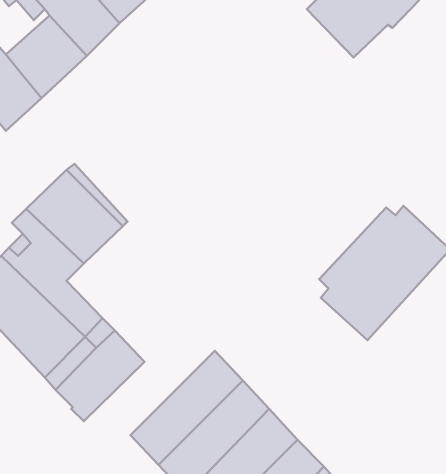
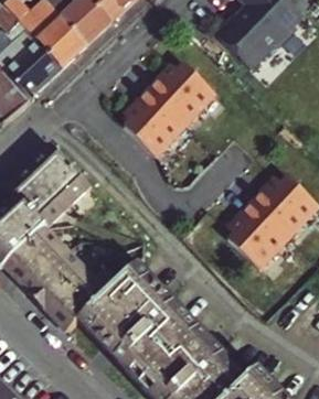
building: none -> [121,62,213,155]
building: none -> [60,262,152,337]

